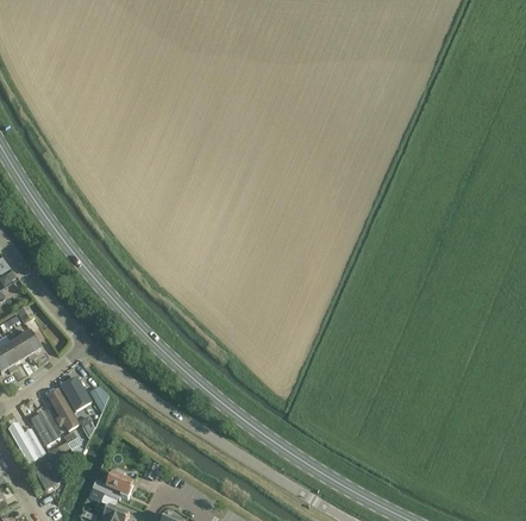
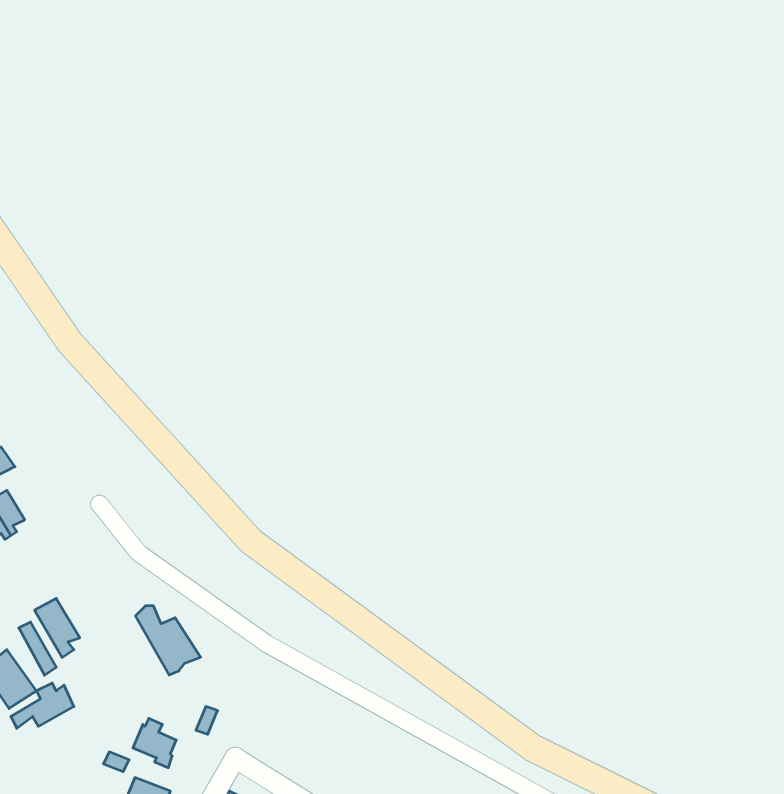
building: [57,375,96,416] -> [136,606,201,675]

